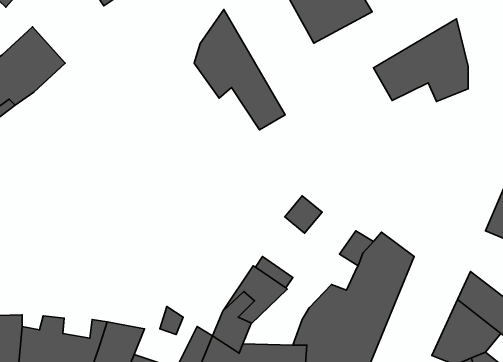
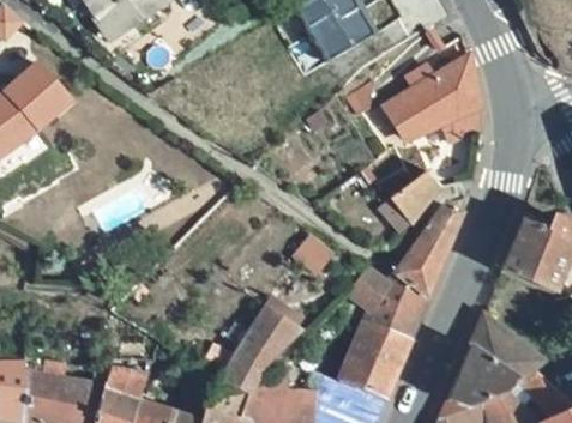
building: [194,9,285,130] -> none
building: none -> [379,170,442,228]
building: none -> [393,204,463,298]

